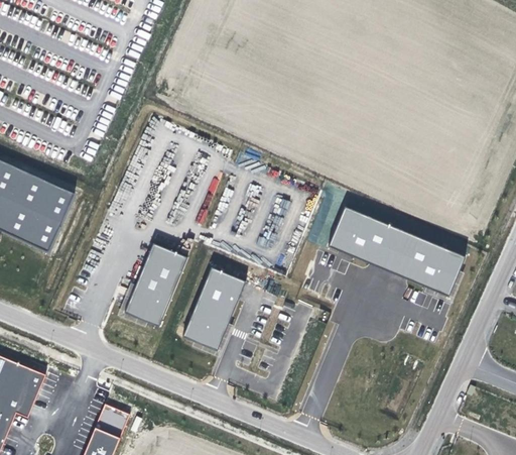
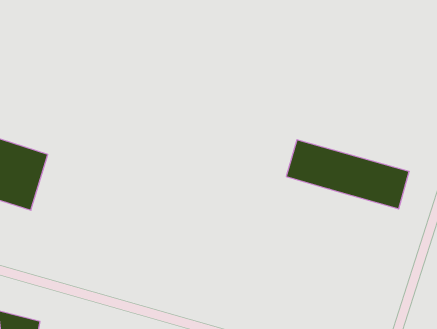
building: [127,244,187,325] -> none
building: [183,267,246,349] -> none

